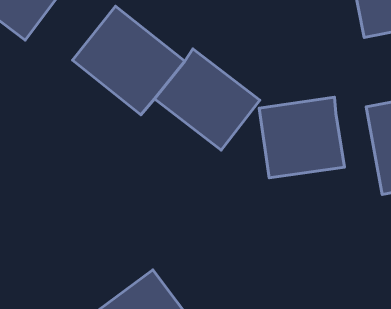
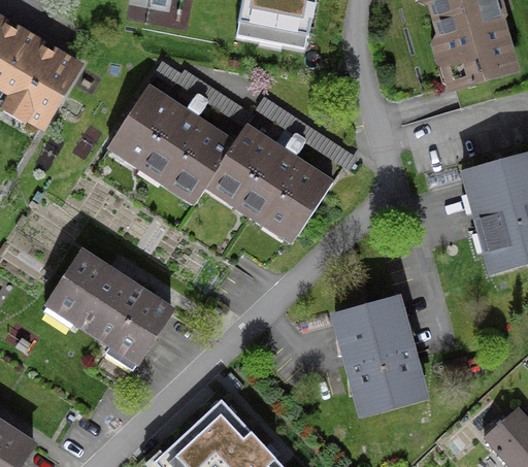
building: [259,97,345,178] -> none
building: none -> [42,248,171,367]
building: none -> [330,295,427,419]

